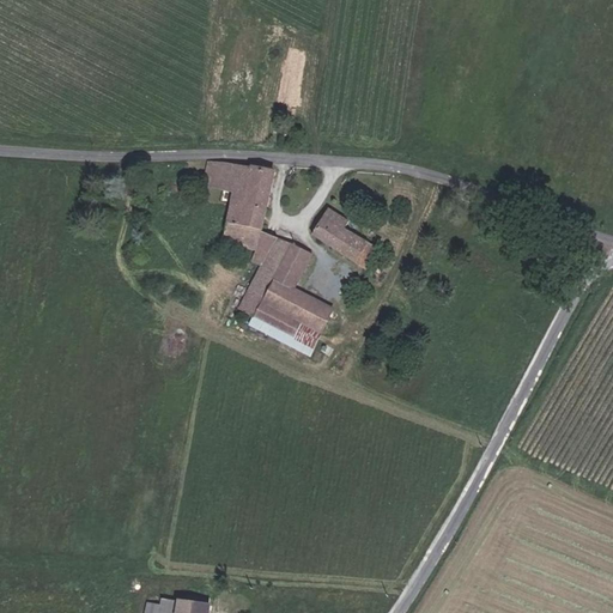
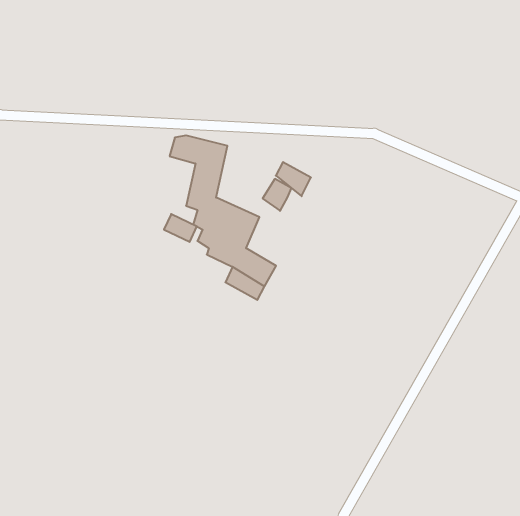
building: [334,229,375,268] -> [276,162,311,196]
building: [241,295,279,327] -> [164,214,197,242]

